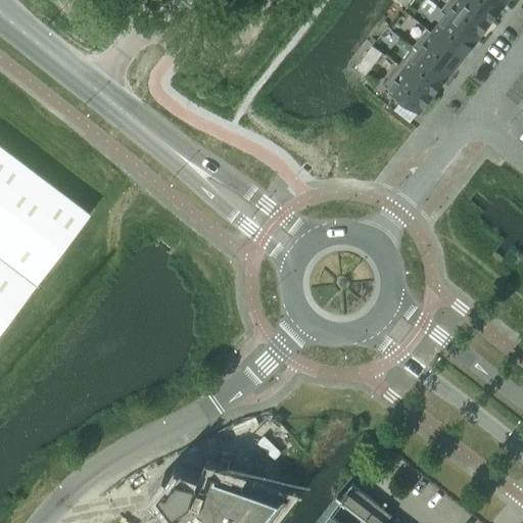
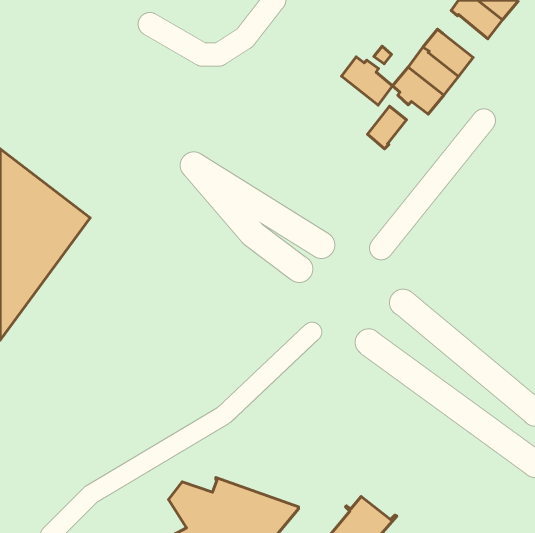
building: [432,16,476,58] -> none
building: none -> [342,57,393,105]
building: none -> [367,106,407,149]

